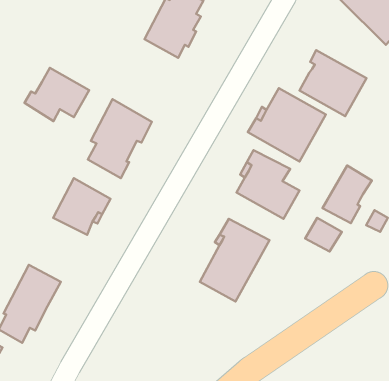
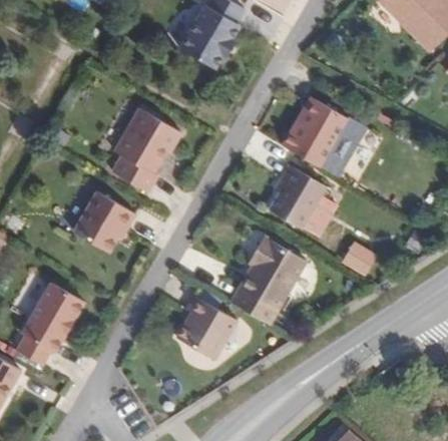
building: [300,50,367,116] -> none
building: [24,68,89,121] -> none
building: [322,165,372,223] -> none
building: none -> [176,296,237,359]

